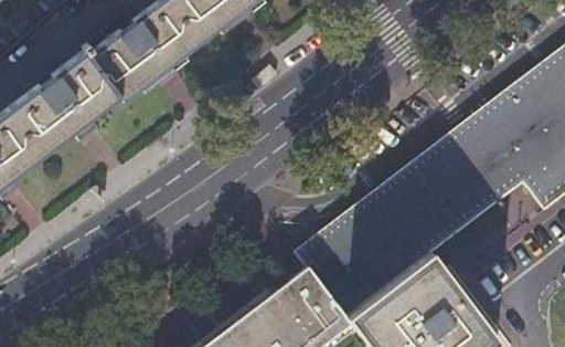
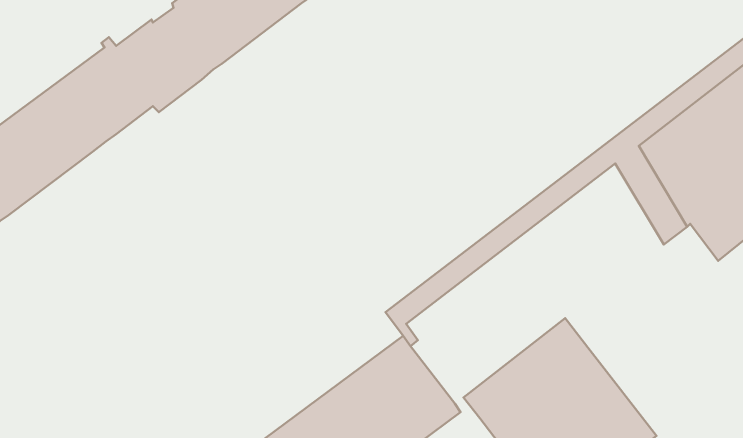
building: [311,137,504,317] -> none

